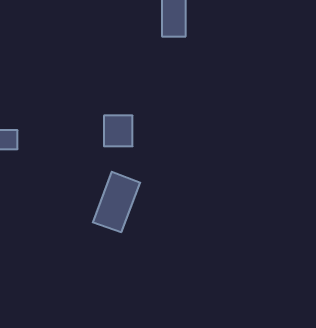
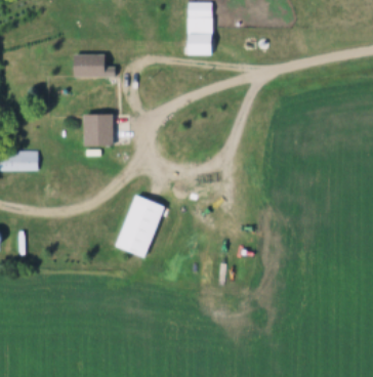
building: none -> [73,53,106,76]
building: [104,116,133,146] -> [84,114,114,145]

